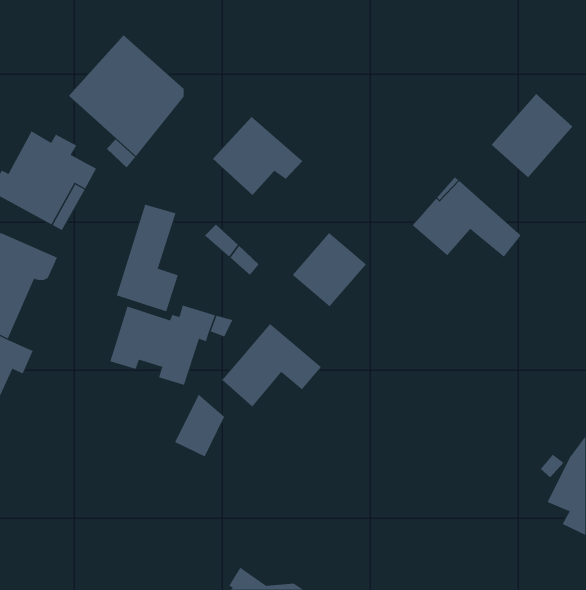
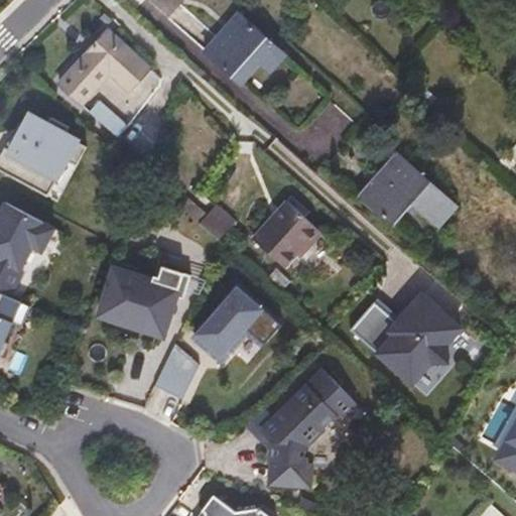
building: [491,93,573,178] -> none
building: [212,116,303,196] -> [206,14,285,84]
building: [116,204,178,312] -> none
building: none -> [352,296,460,380]
building: none -> [262,368,356,486]

